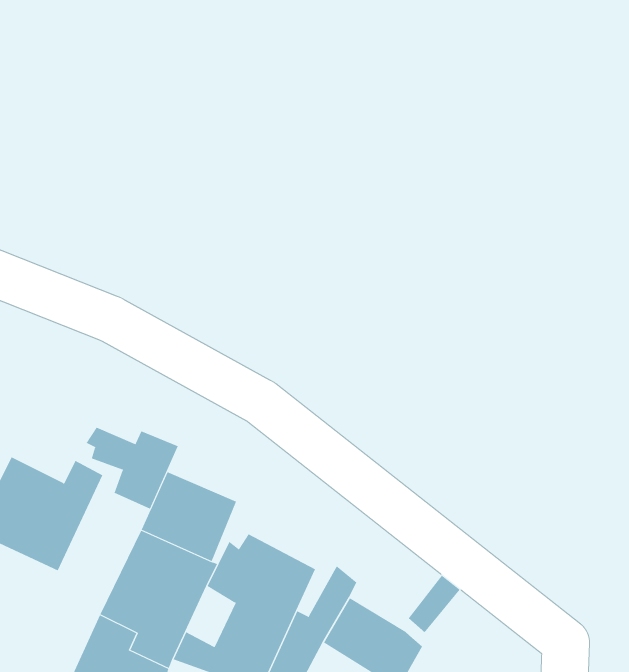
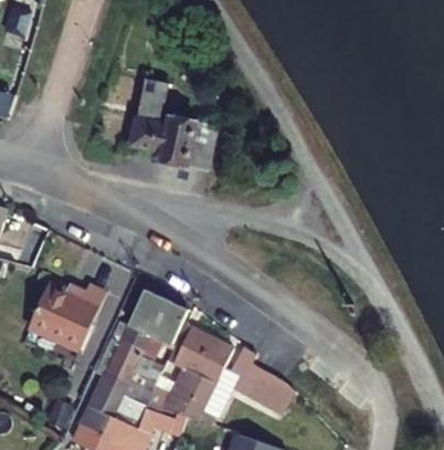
building: none -> [130,77,214,170]
building: [86,427,178,509] -> none

